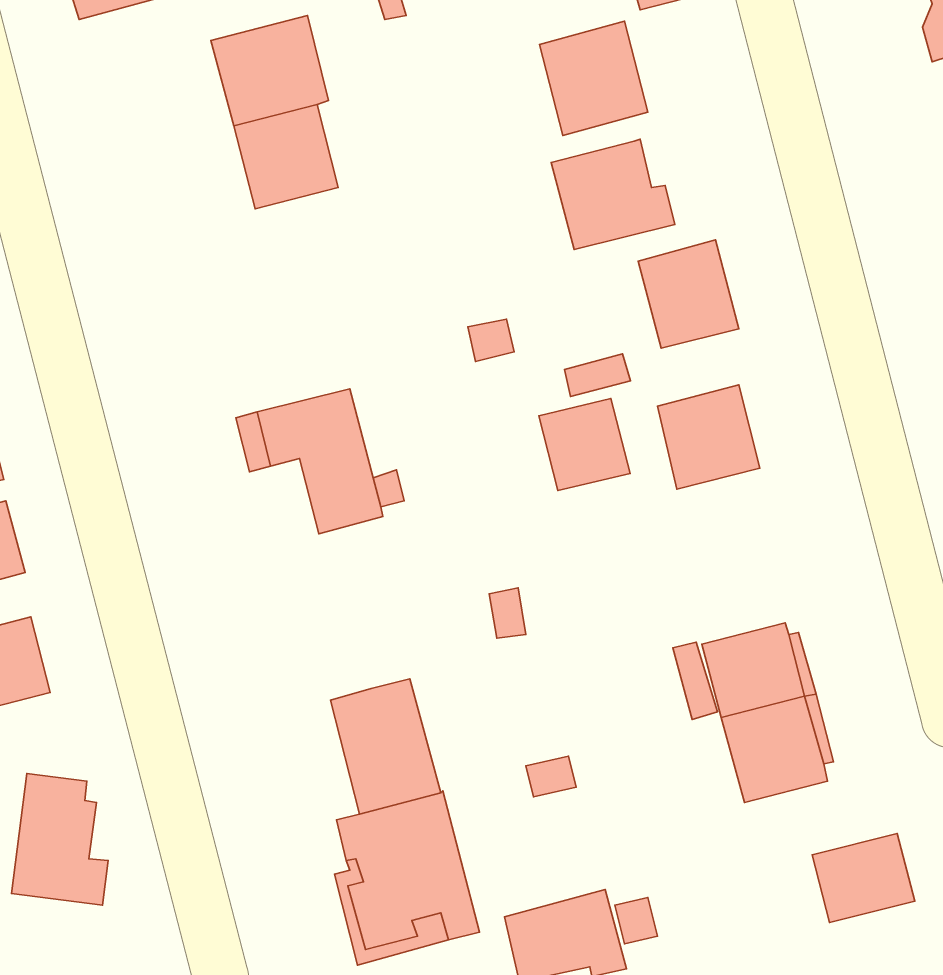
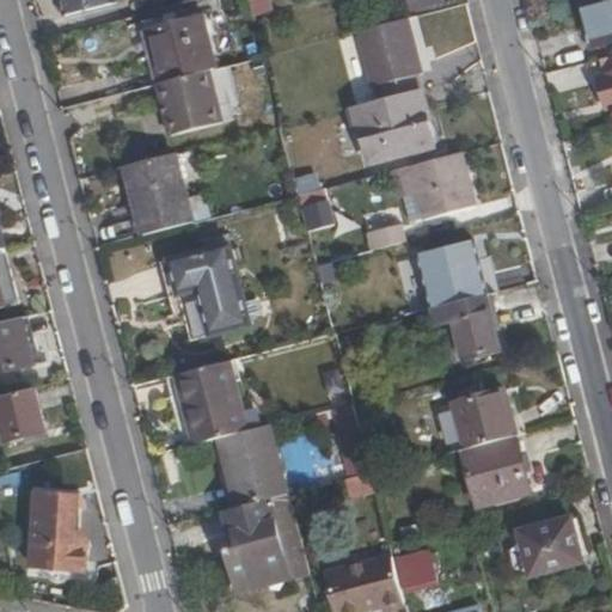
building: none -> [124,151,198,235]
building: [539,399,630,491] -> none
building: none -> [448,308,494,357]
building: none -> [176,361,244,443]

